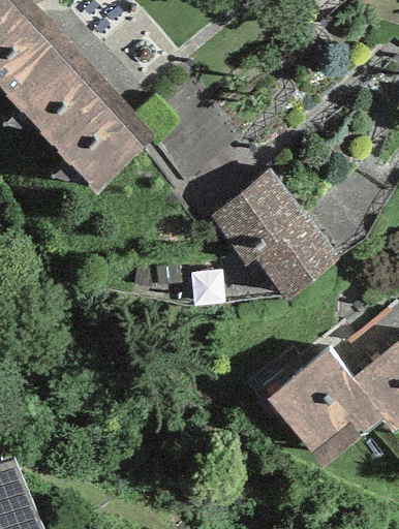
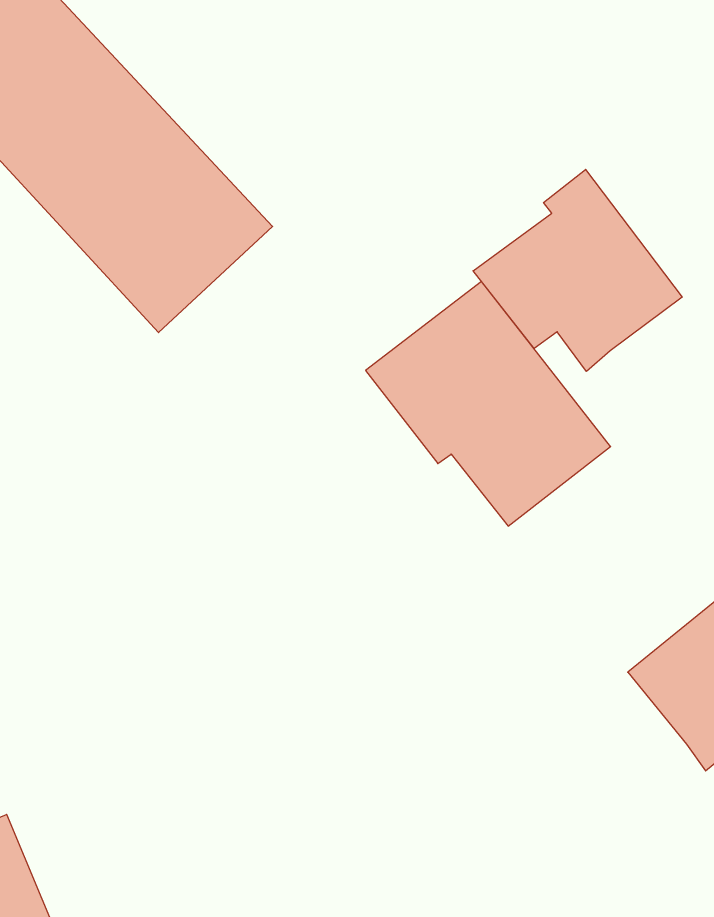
building: none -> [473,169,682,371]
building: [267,350,382,466] -> none

